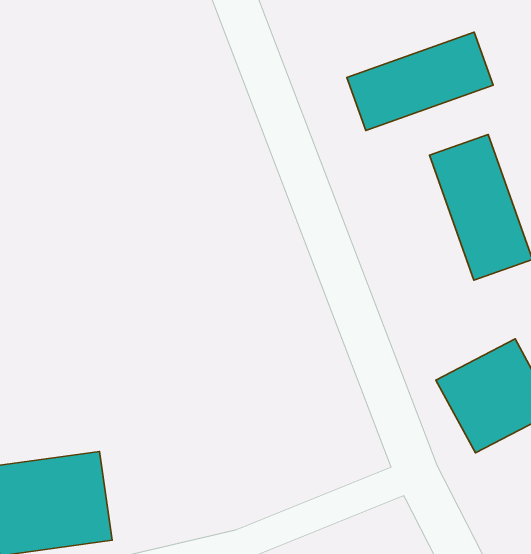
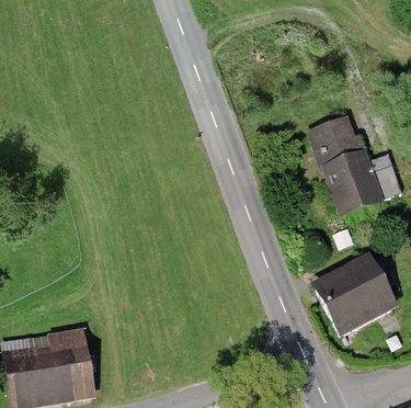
building: [347,32,493,130] -> none

